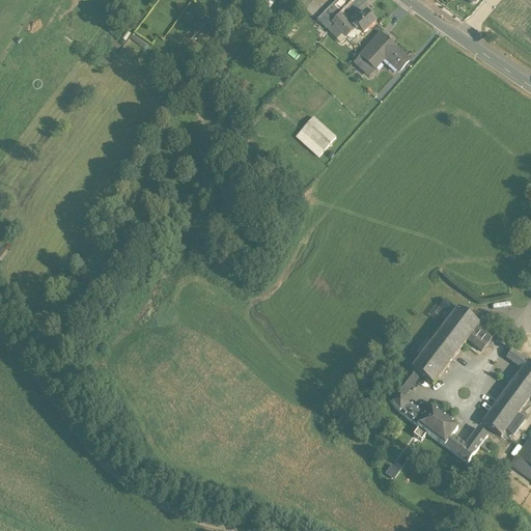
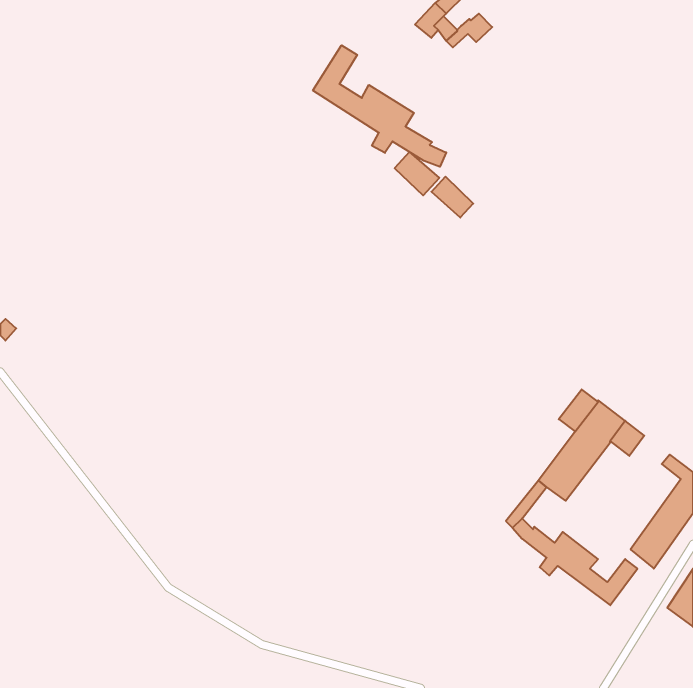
building: [366,32,409,68] -> none
building: none -> [313,45,446,167]
building: none -> [431,177,473,218]

